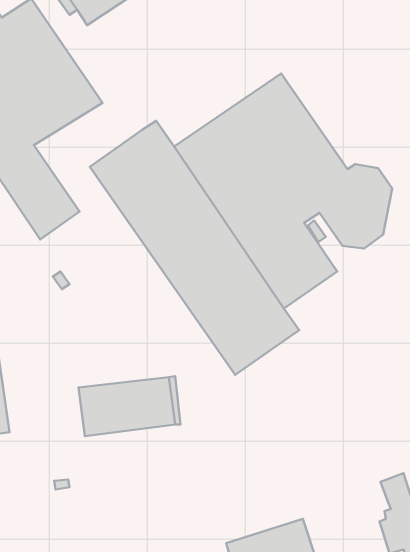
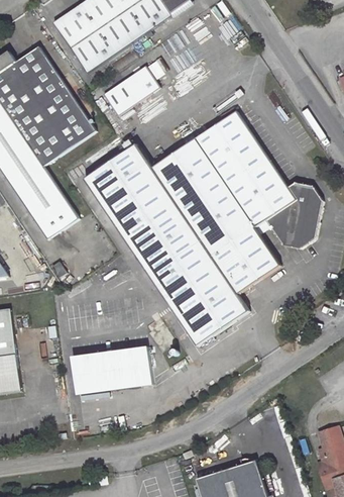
building: none -> [102,65,158,115]

